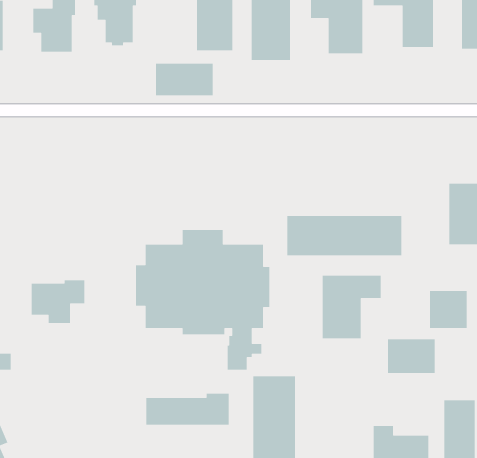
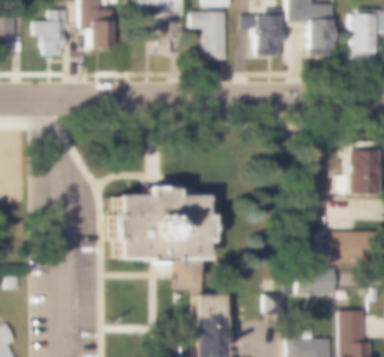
building: [155,63,213,96] -> none
building: [287,215,402,256] -> none
building: [322,275,381,339] -> none
building: [31,280,85,324] -> none
building: [146,393,229,425] -> none

